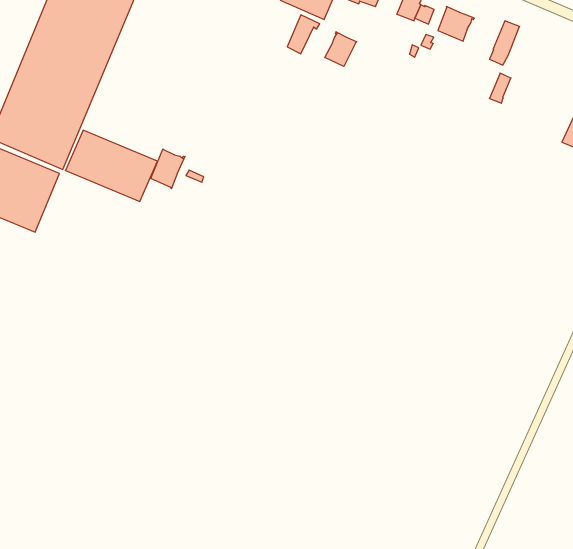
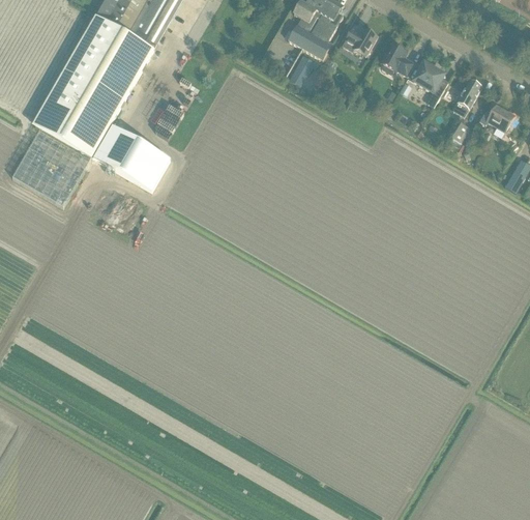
building: [325,32,357,66] -> none
building: none -> [478,104,512,131]
building: [151,149,185,189] -> none

